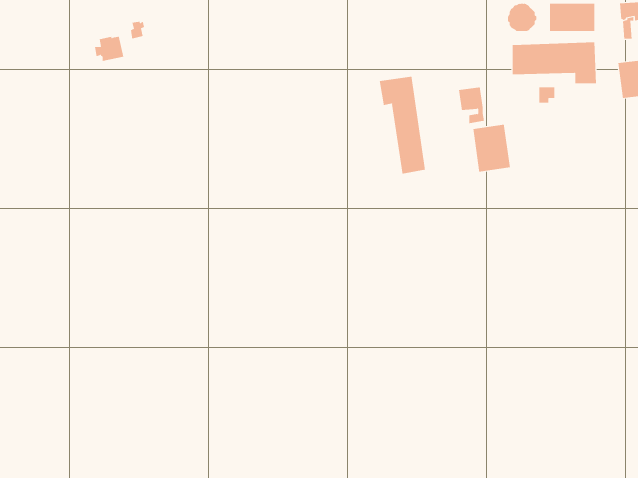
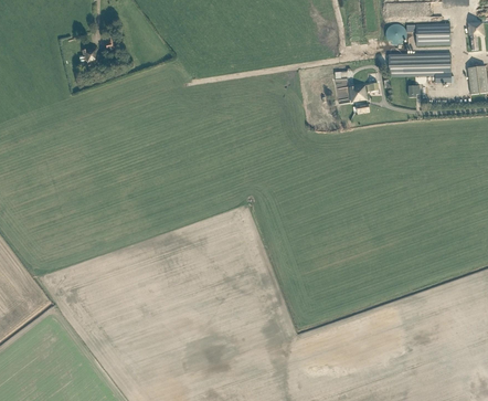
building: [379,76,425,175] -> none
building: [473,124,511,172] -> none

